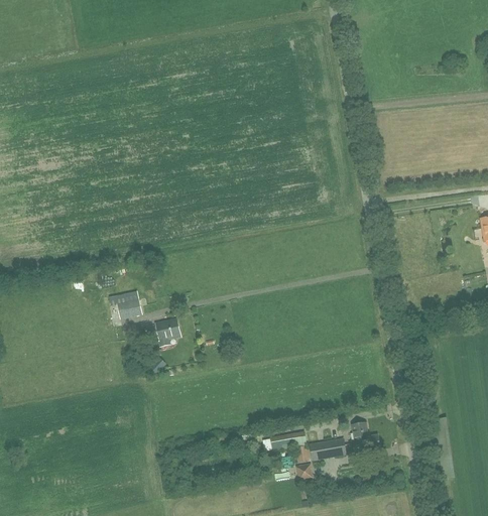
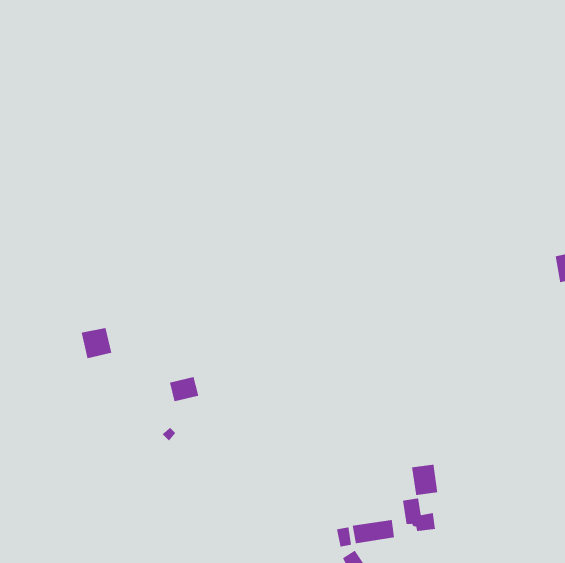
building: [115,291,141,317] -> [81,328,112,359]
building: none -> [412,464,438,496]

